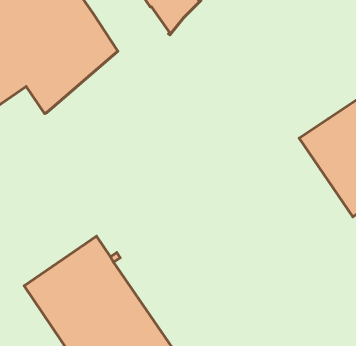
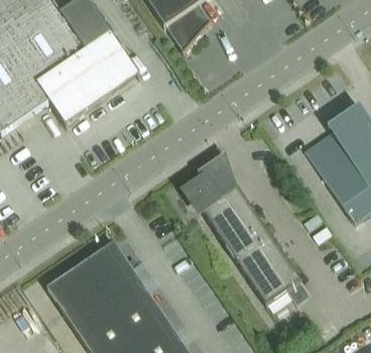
building: none -> [184,162,301,303]

